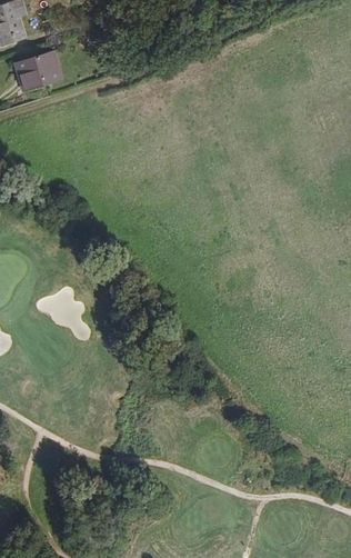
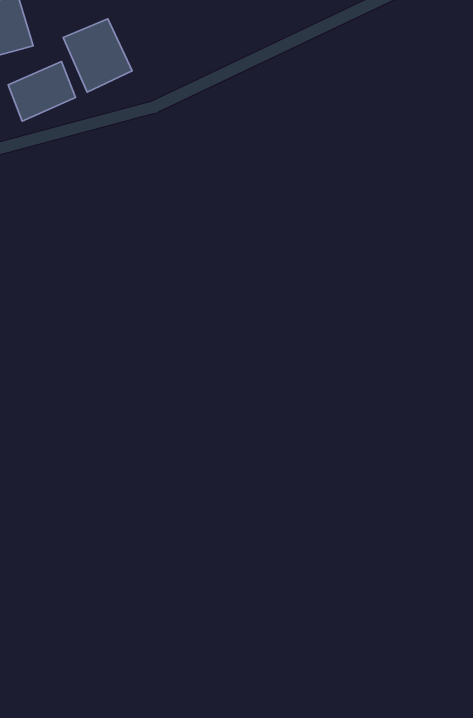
building: none -> [63,19,132,92]

